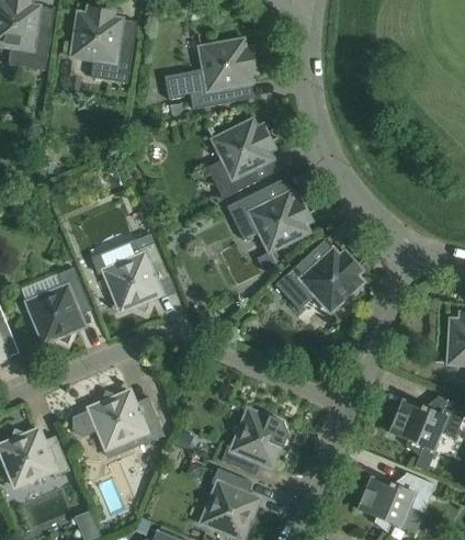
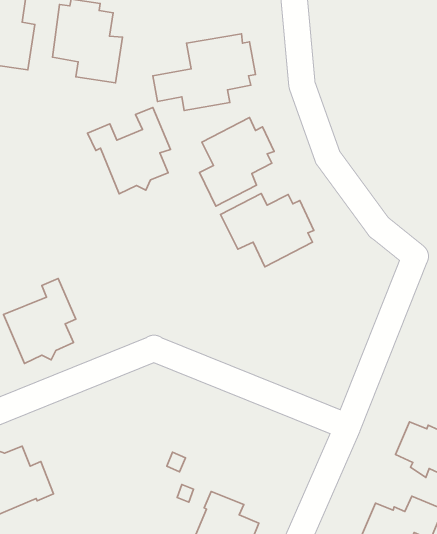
building: [89,234,167,315] -> [88,108,170,194]
building: [274,245,366,324] -> none
building: [70,387,163,453] -> none
building: [220,405,288,472] -> none

